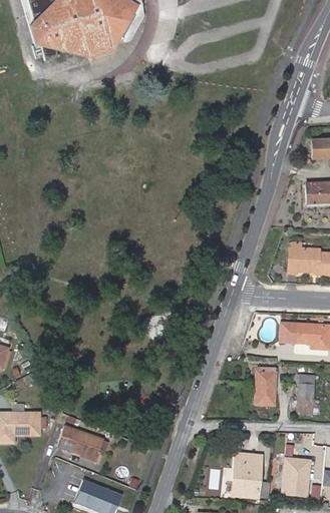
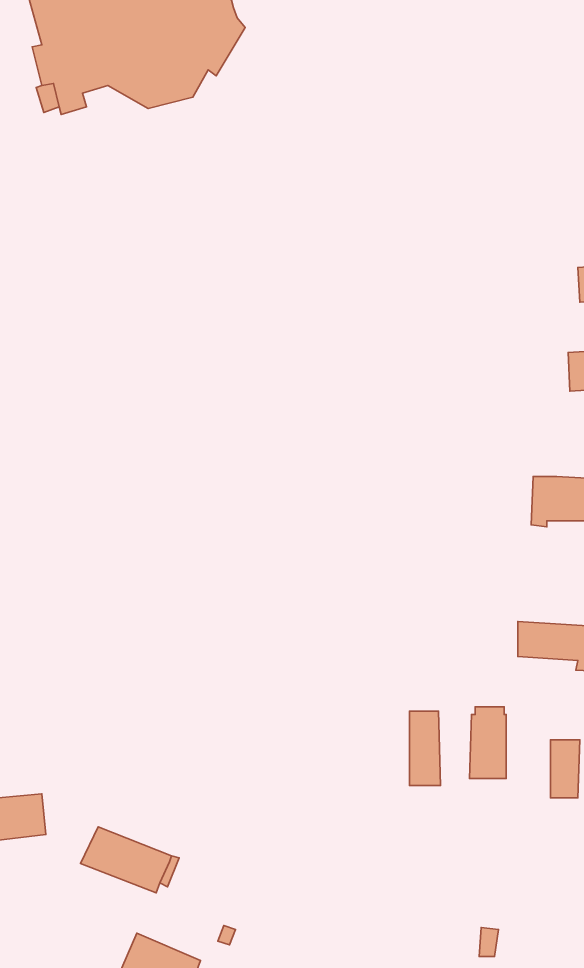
building: none -> [409,711,440,785]
building: [236,454,261,495] -> none
building: [282,459,309,495] -> none

